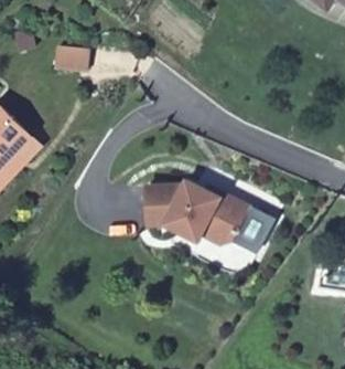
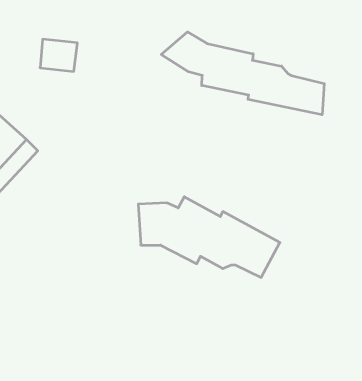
building: none -> [161,32,324,115]

